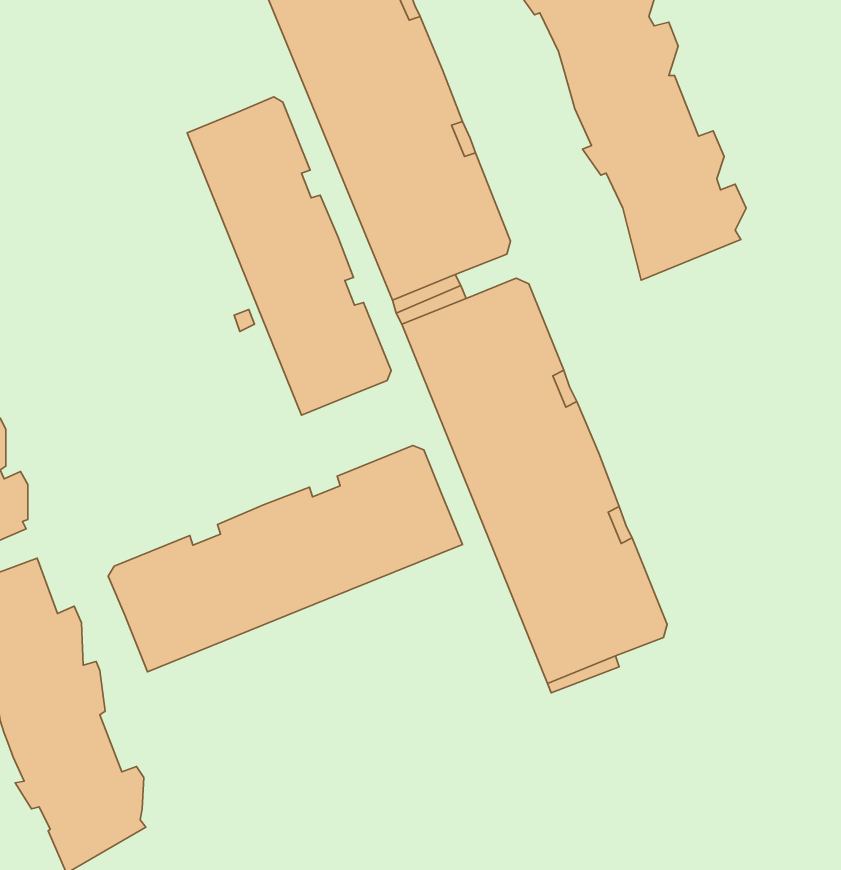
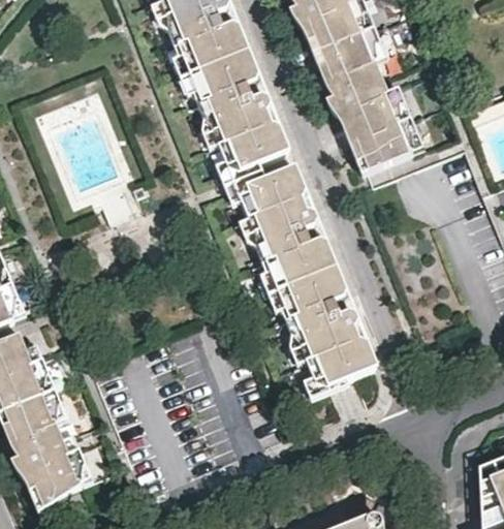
building: [187,97,391,415] -> none
building: [108,445,462,672] -> none

